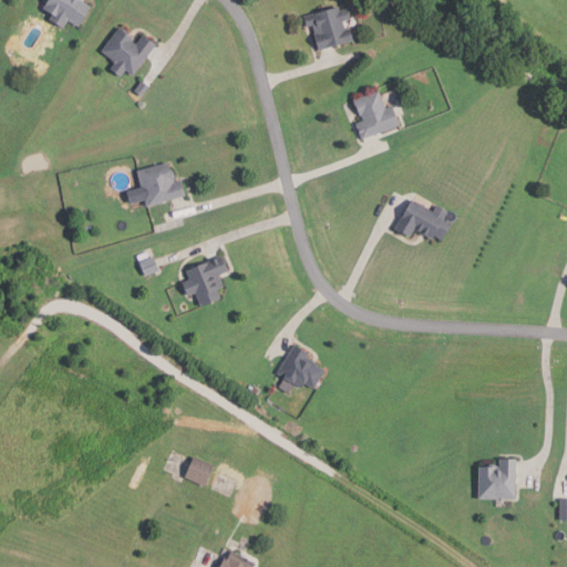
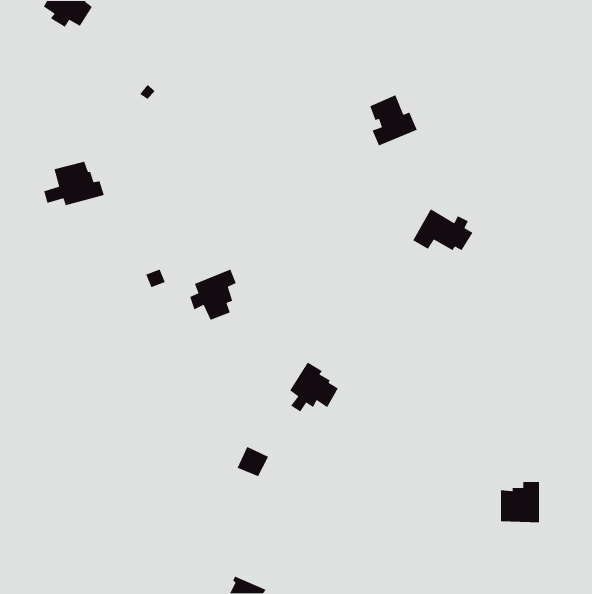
building: [302,6,352,50] -> none
building: [100,27,154,75] -> none
building: [125,162,184,205] -> [43,161,105,206]
building: [184,456,215,486] -> [237,446,269,477]

